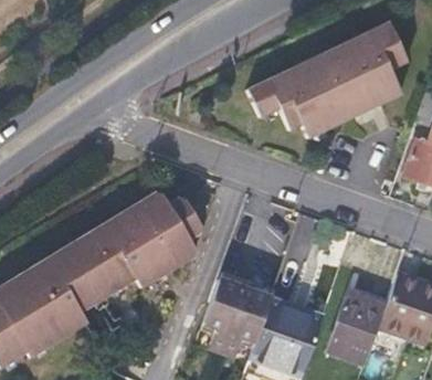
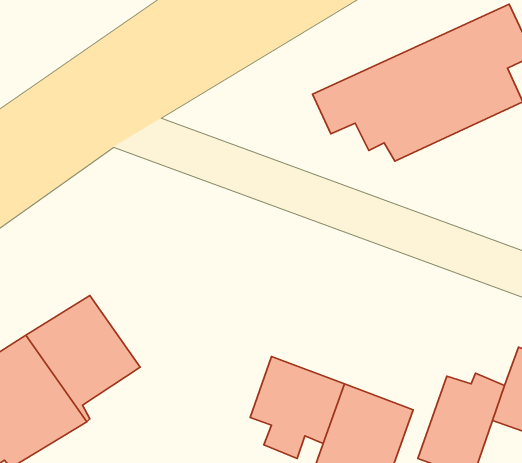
building: [87,190,199,289] -> none

